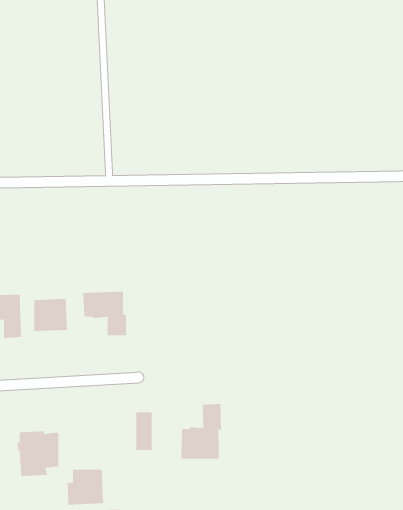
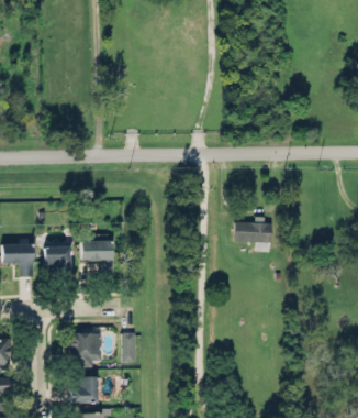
building: none -> [234,219,271,242]
building: [181,403,221,459] -> none
building: [16,431,59,477] -> [69,331,102,366]

